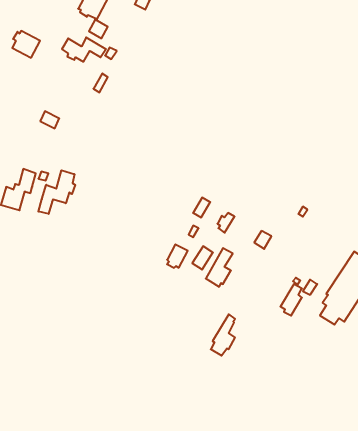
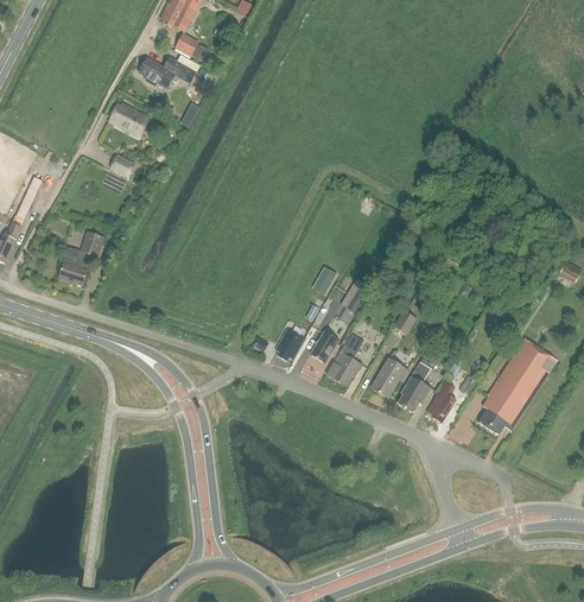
building: [12,31,40,58] -> [110,102,147,138]
building: [38,170,75,214] -> none
building: none -> [372,357,407,397]
building: [211,314,235,356] -> [398,356,430,411]

